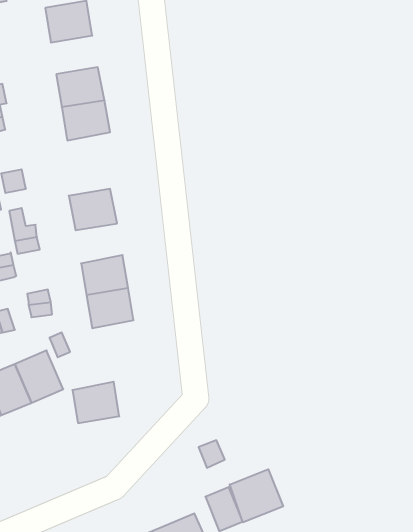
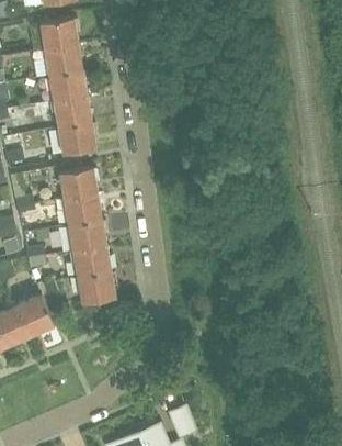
building: none -> [44,44,81,75]
building: none -> [57,121,95,154]
building: none -> [64,193,101,225]
building: [72,382,119,423] -> [77,270,114,303]
building: [230,469,283,522] -> none

